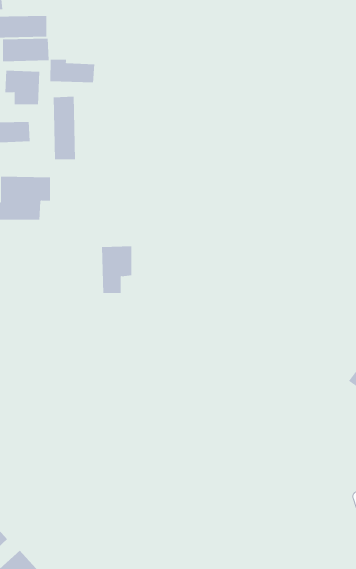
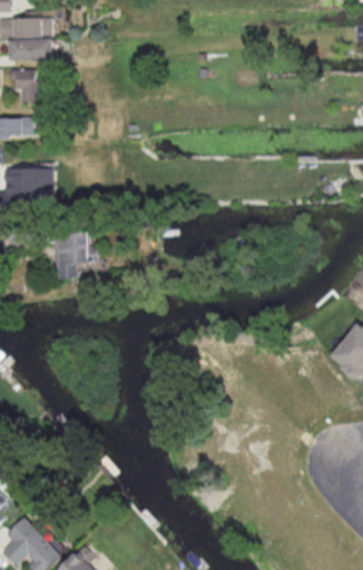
building: [50,59,95,83] -> none
building: [53,96,76,160] -> none
building: [101,246,132,293] -> [58,233,87,277]

